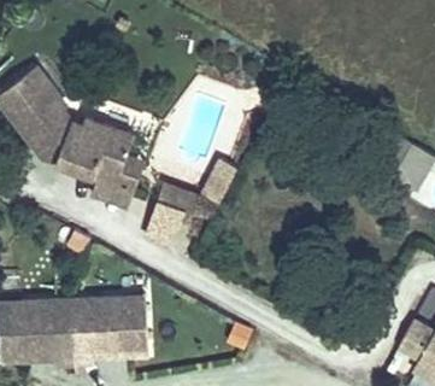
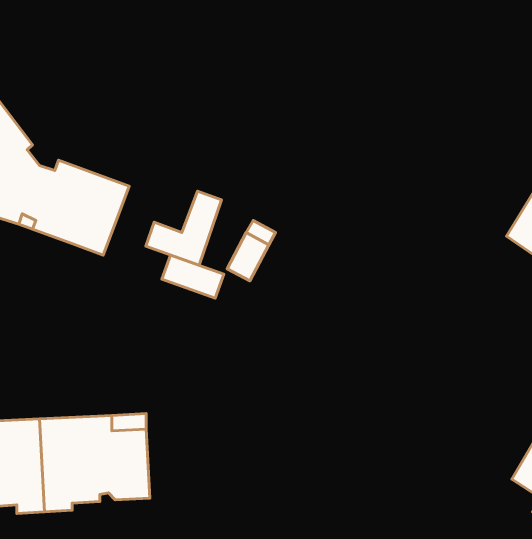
building: [92,156,145,207] -> [146,191,222,265]

